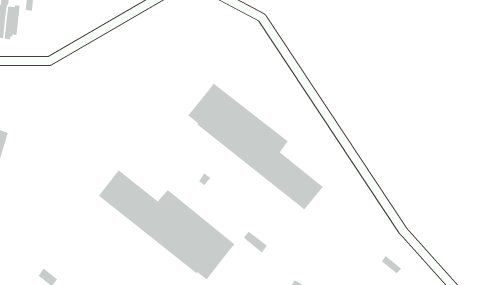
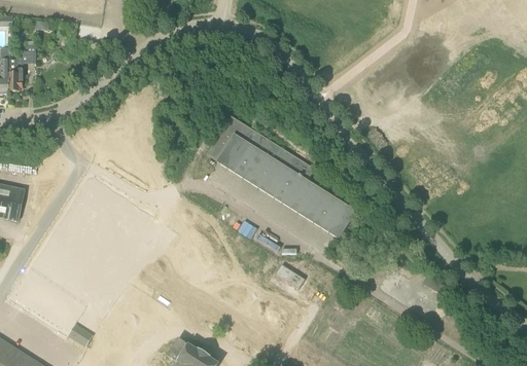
building: [98,169,236,281] -> none

